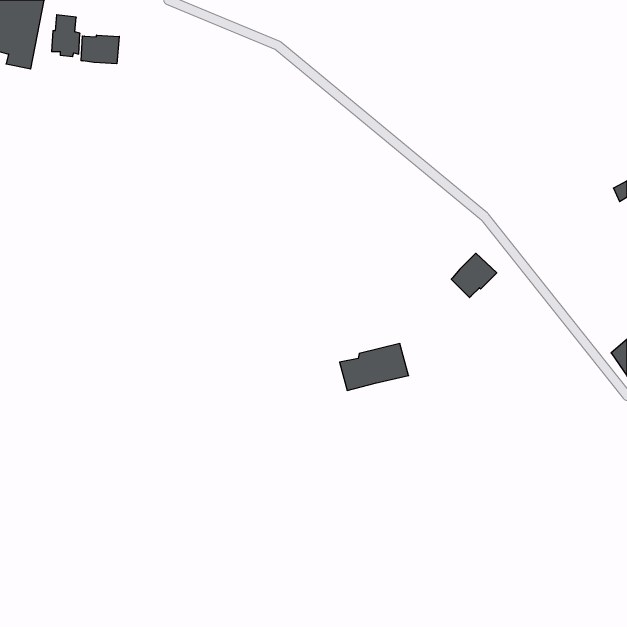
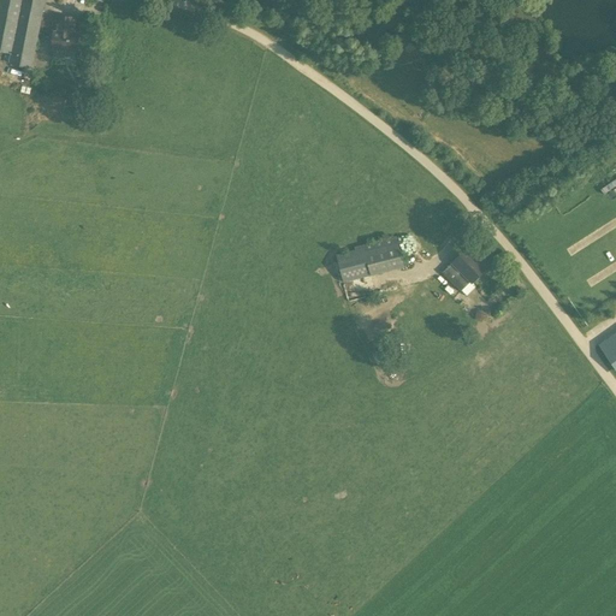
building: [81,35,119,64] -> none
building: [340,344,409,390] -> [336,237,403,283]

